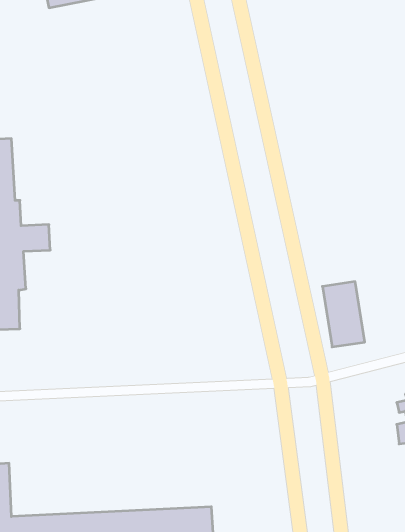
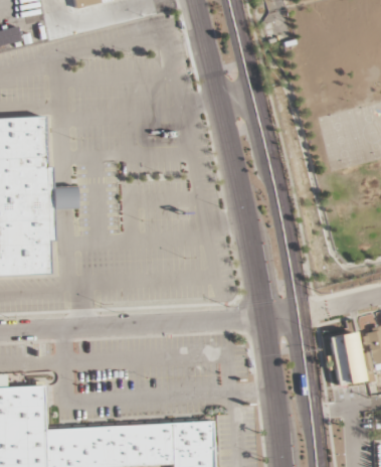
building: [322,282,365,347] -> [329,331,364,385]

